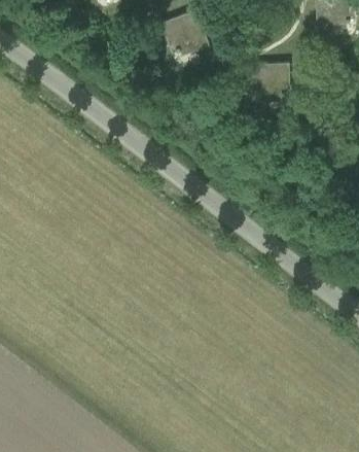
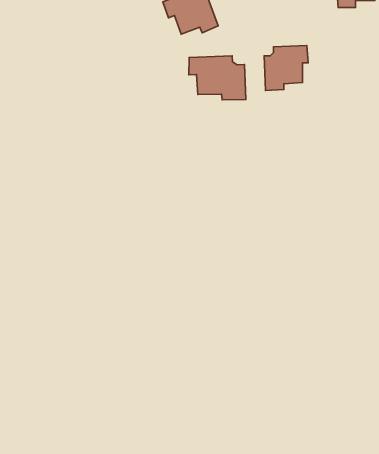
building: none -> [189,56,246,100]

